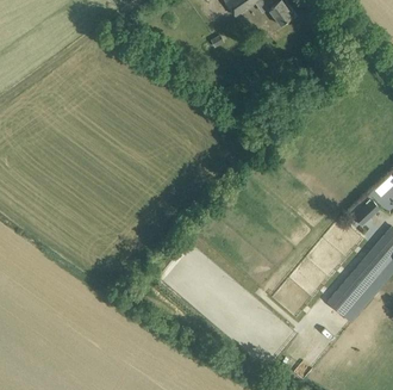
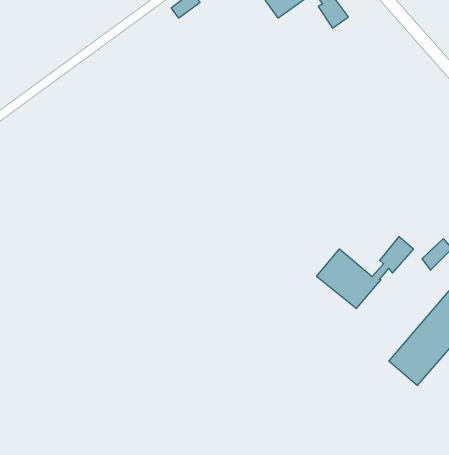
building: none -> [317,236,413,309]

